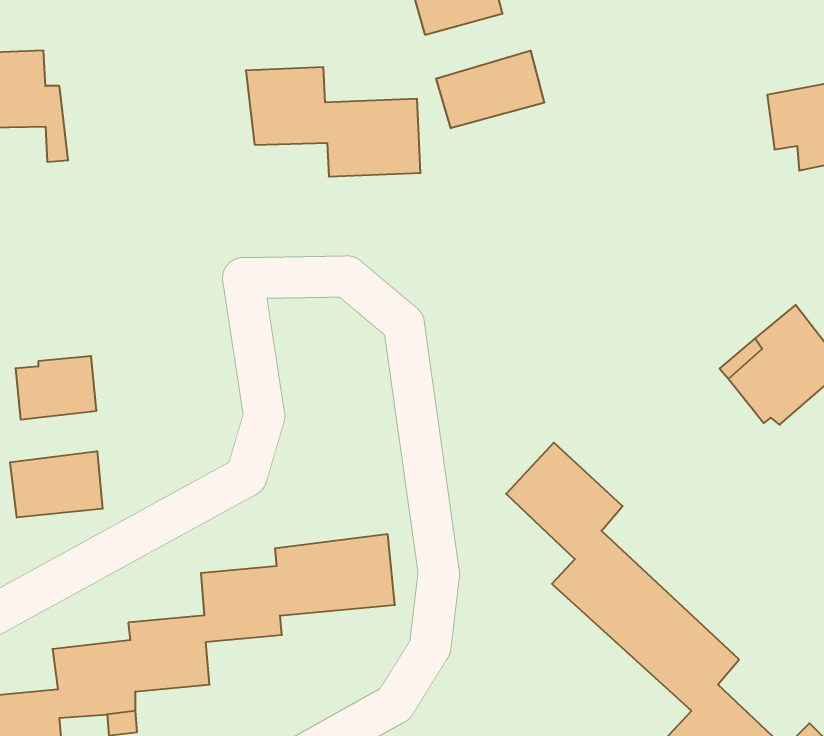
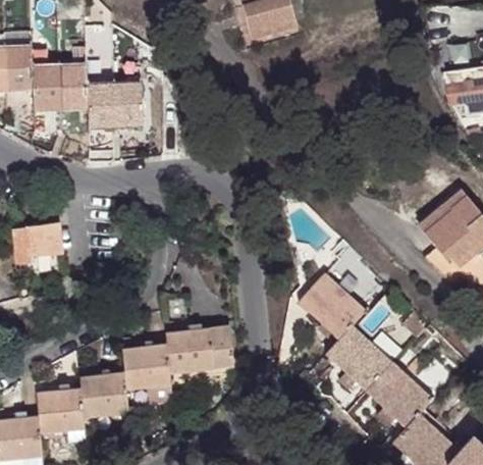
building: [436,51,544,128] -> none
building: [246,67,421,177] -> [41,64,142,127]
building: [10,451,103,518] -> none

